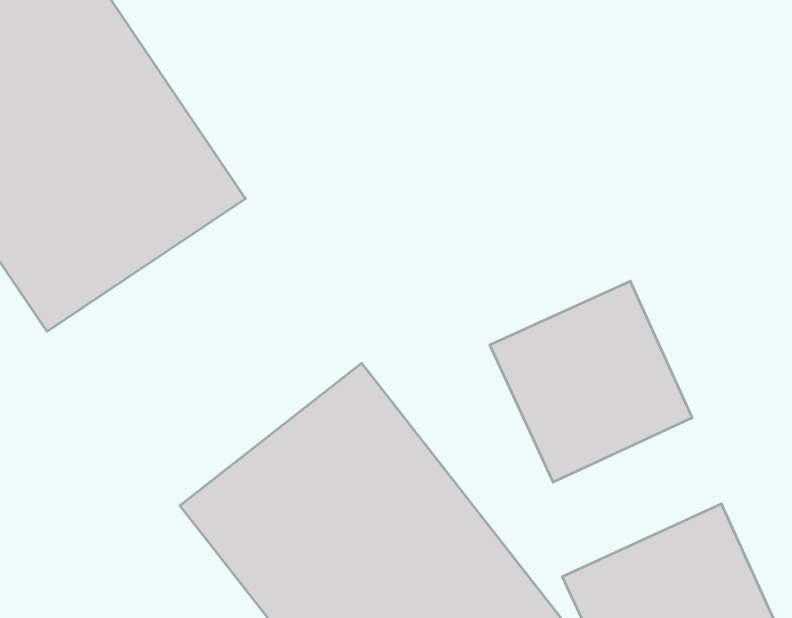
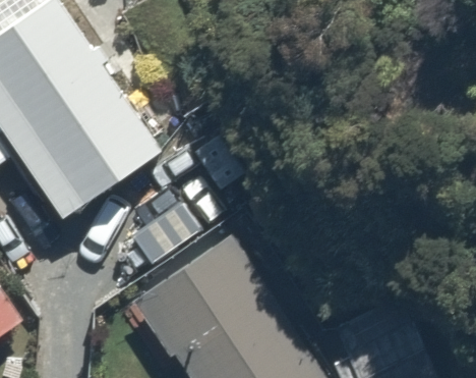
building: [490,281,692,482] -> none

